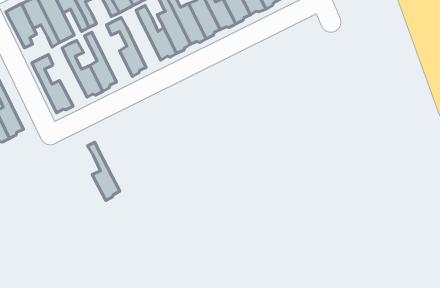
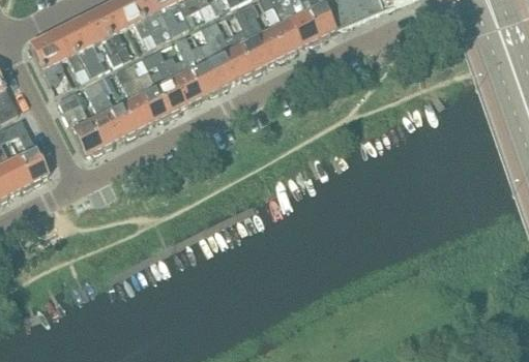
building: none -> [164,55,202,103]
building: none -> [124,59,170,120]
building: [87,142,120,200] -> [83,82,119,147]

